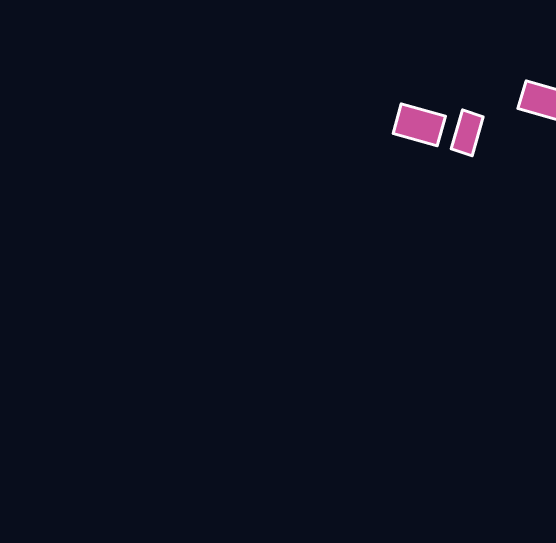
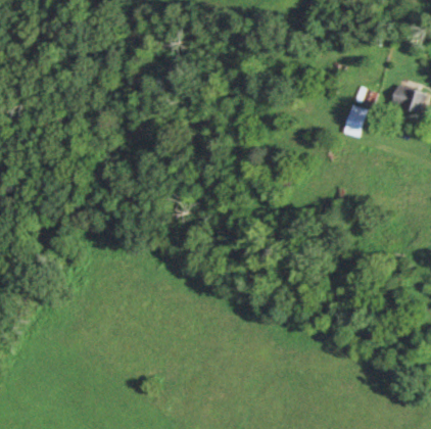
building: [393,104,445,146] -> none

